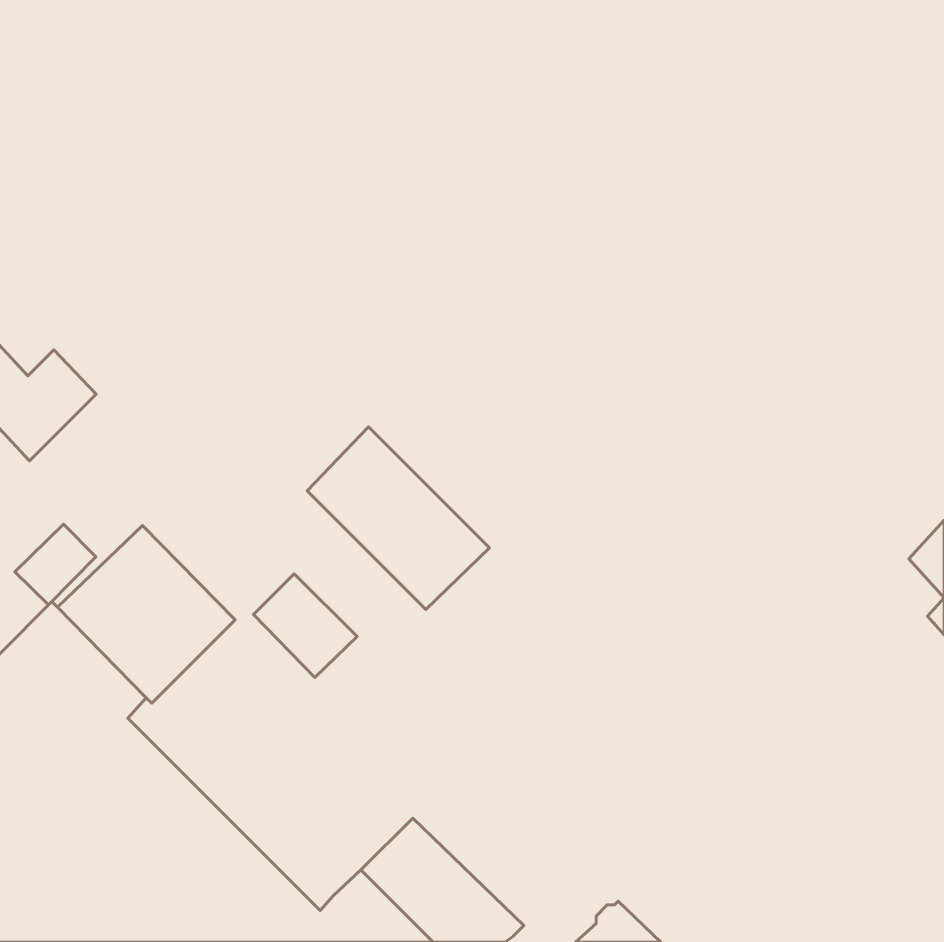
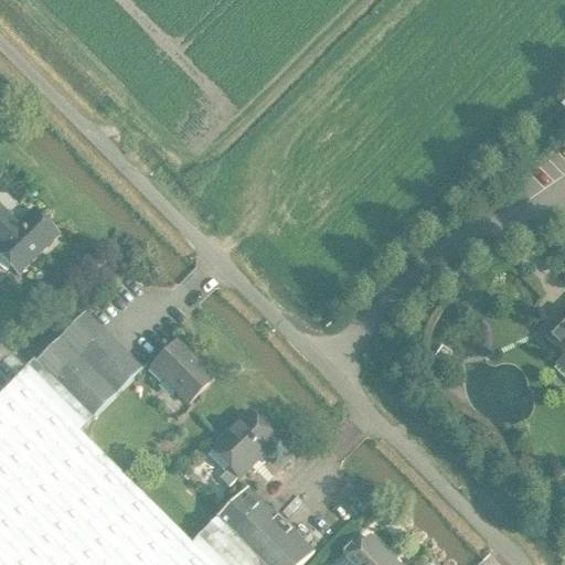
building: [307,427,489,610] -> none
building: [15,524,96,605] -> none
building: none -> [211,414,275,488]

